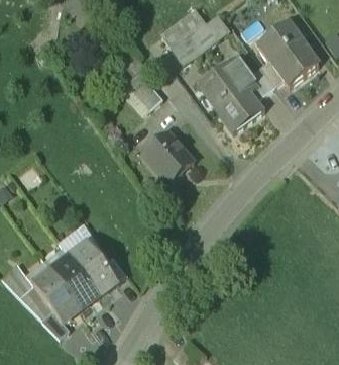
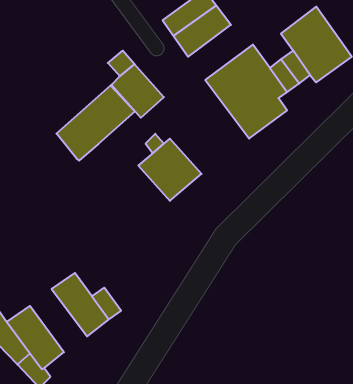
building: none -> [56,86,135,161]
building: [52,256,100,308] -> none

